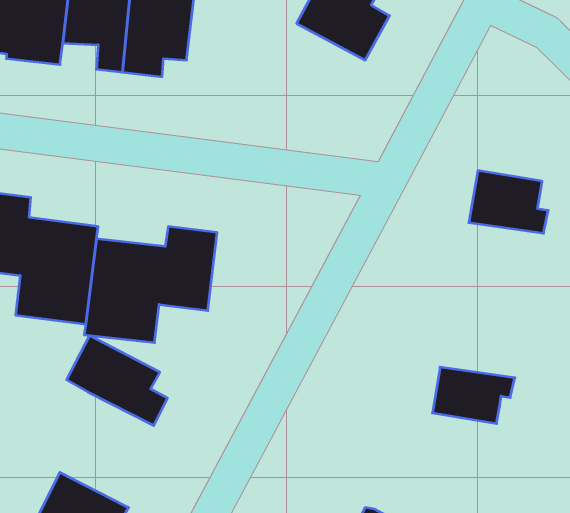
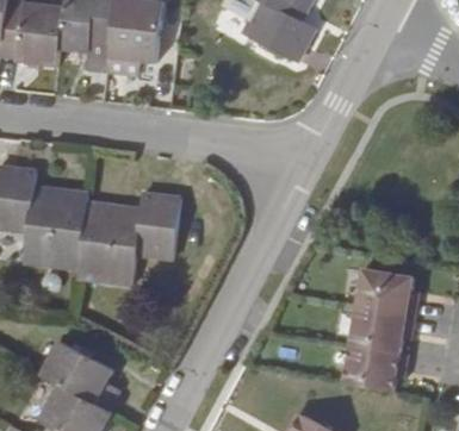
building: [469,171,548,233] -> [354,263,416,312]
building: [67,336,167,426] -> [41,342,119,412]
building: none -> [341,339,405,387]

